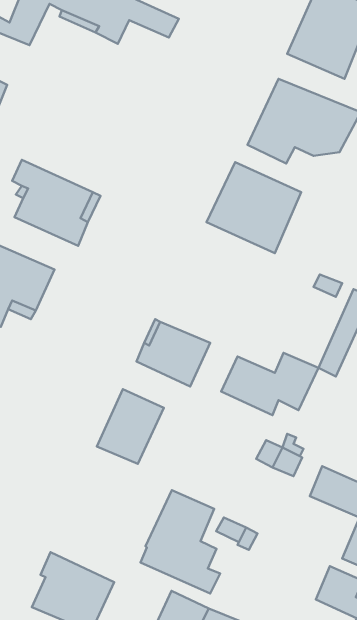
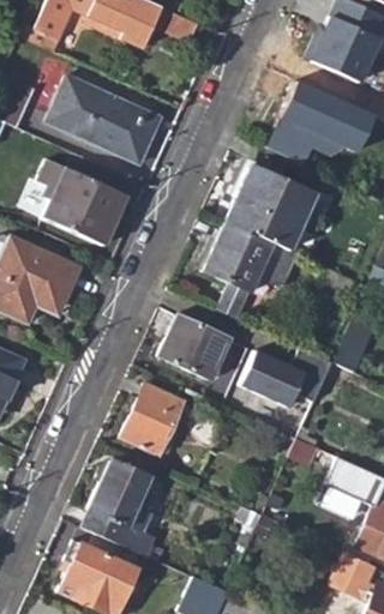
building: none -> [47,76,162,165]
building: none -> [205,222,300,319]
building: [141,490,220,594] -> [82,457,158,556]

